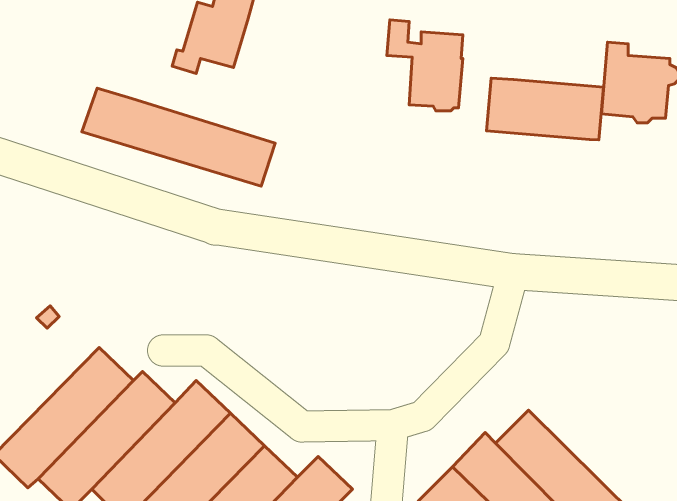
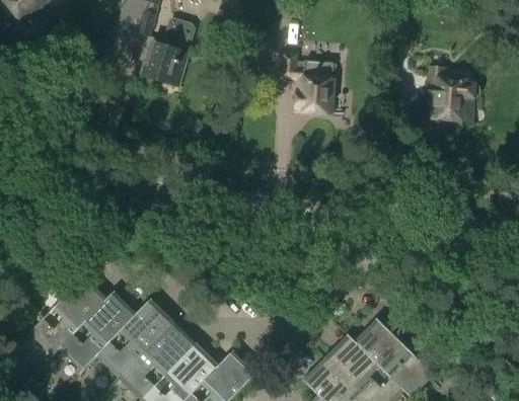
building: [486,78,604,140] -> none
building: [82,88,275,186] -> none

